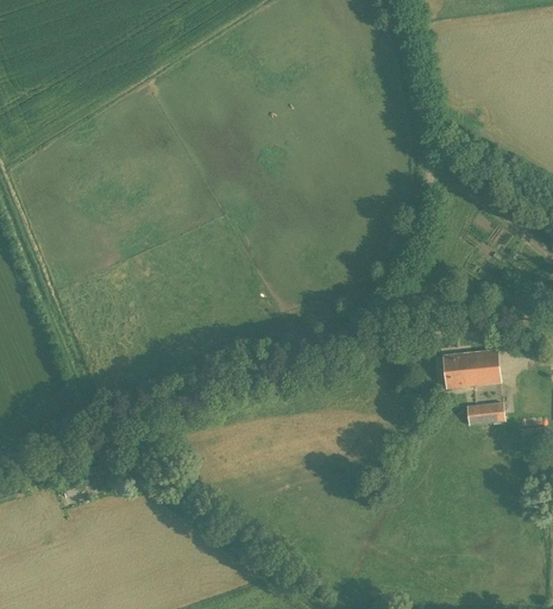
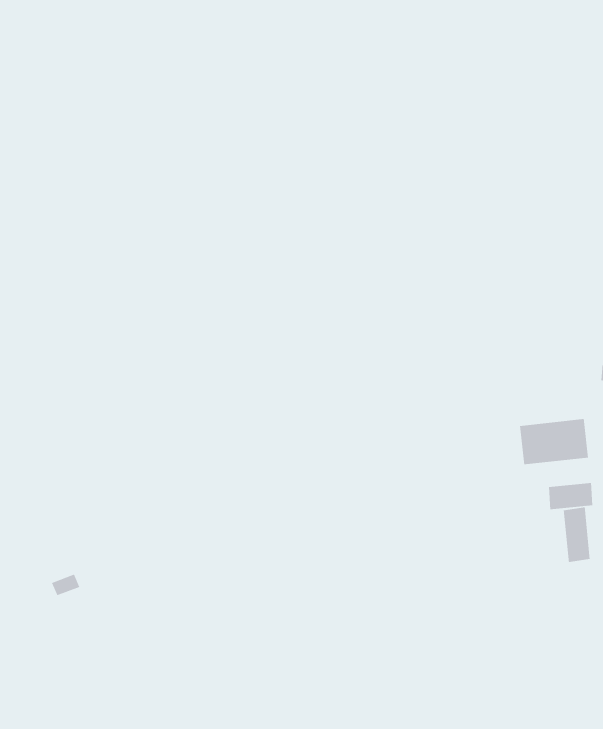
building: none -> [563,506,590,563]

